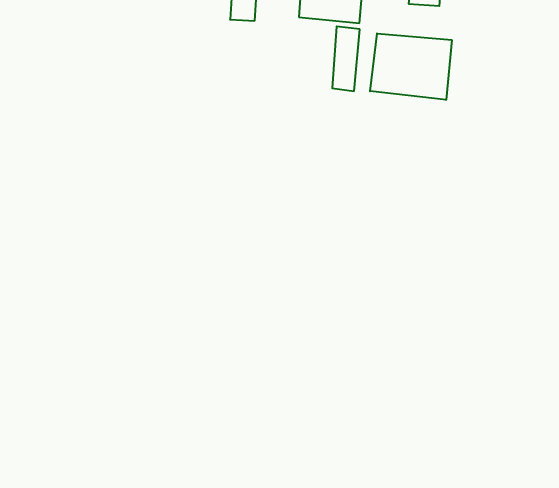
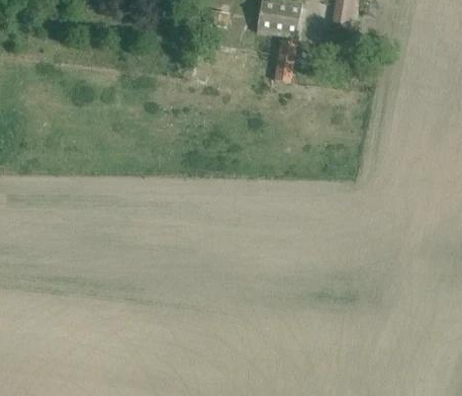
building: [370,33,452,100] -> none

